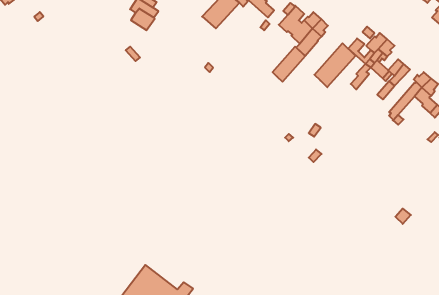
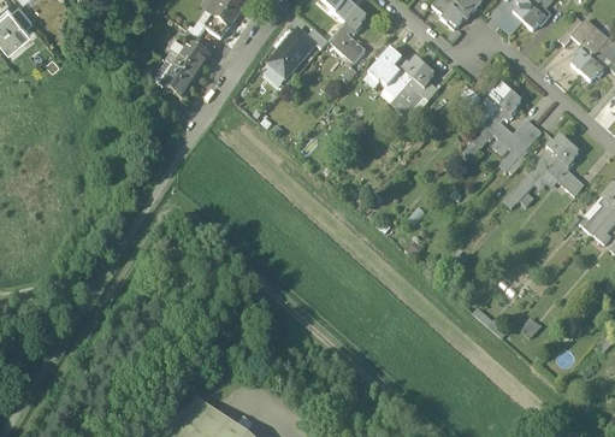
building: none -> [162,70,194,101]
building: [314,43,356,87] -> none
building: [273,47,305,82] -> none

